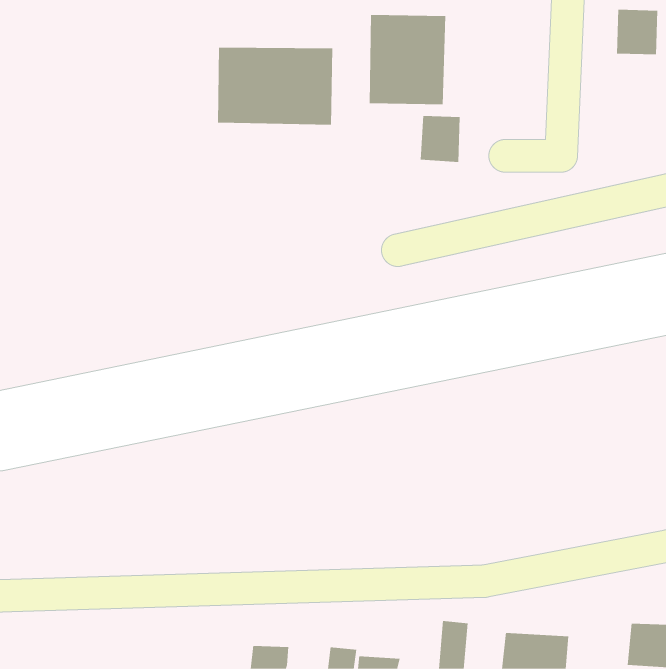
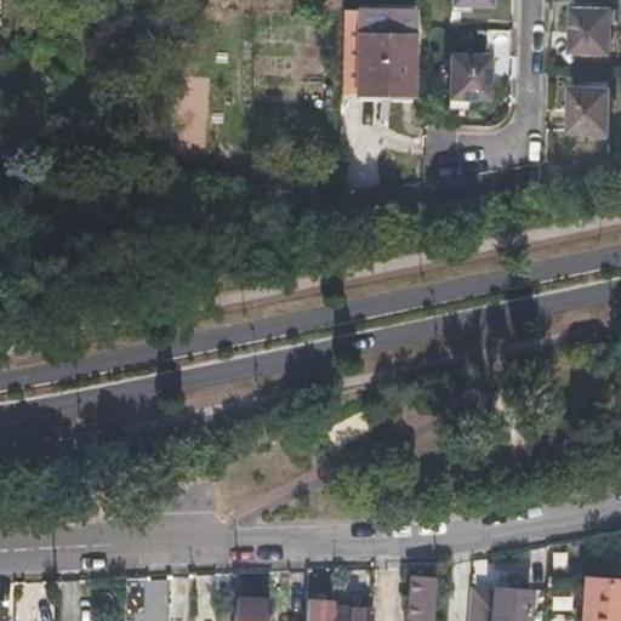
building: [217,47,333,125] -> none
building: none -> [571,89,610,131]
building: [420,115,460,163] -> [450,55,488,98]

